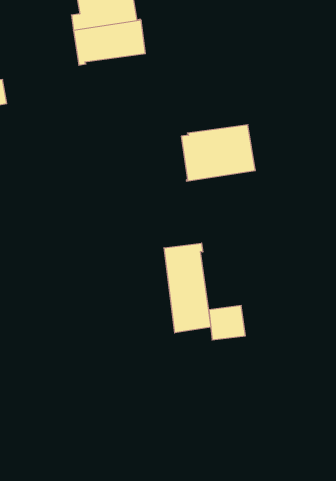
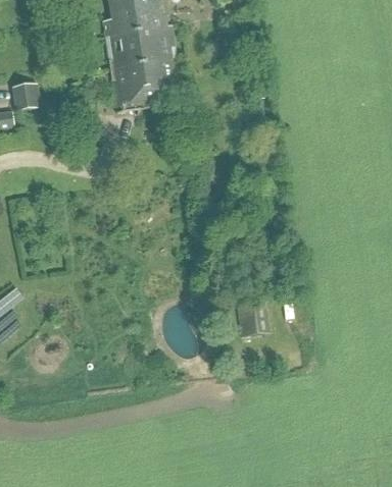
building: [181,125,255,181] -> [109,54,182,109]
building: [164,243,211,333] -> none

